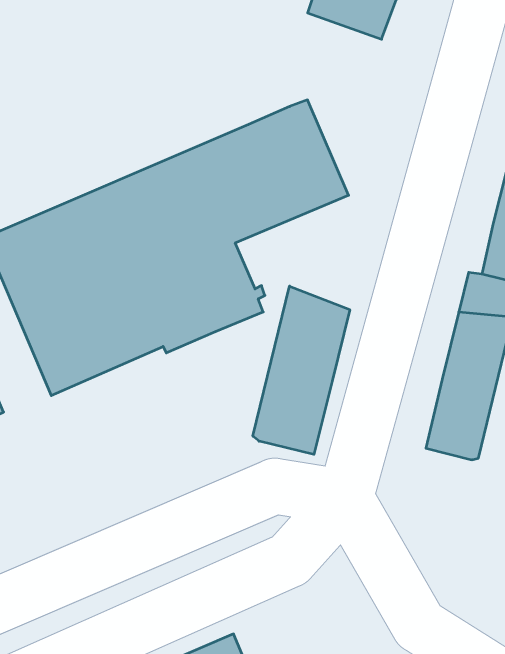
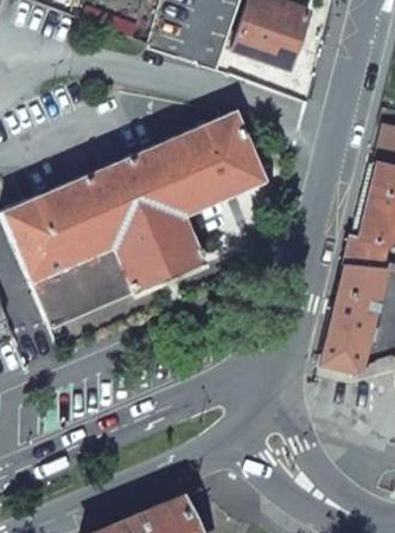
building: [253,286,350,454] -> none

